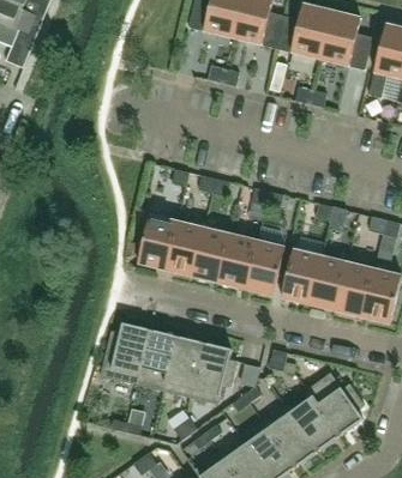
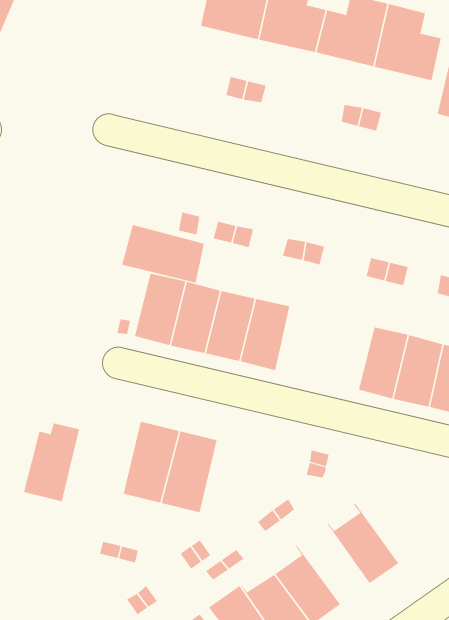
building: none -> [121,224,204,283]
building: [246,238,284,294] -> none
building: [281,248,320,302] -> none
building: [100,321,143,381] -> [23,423,80,502]
building: [188,340,238,403] -> none
building: [306,370,365,434] -> none
building: [262,404,317,465] -> none

